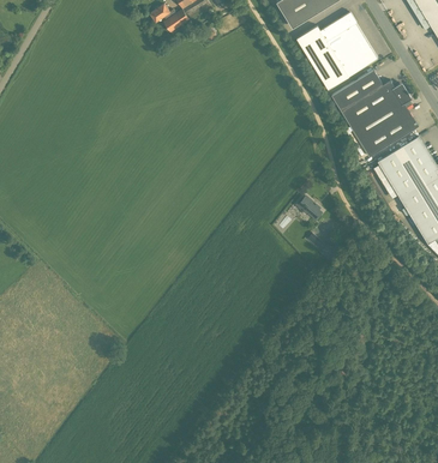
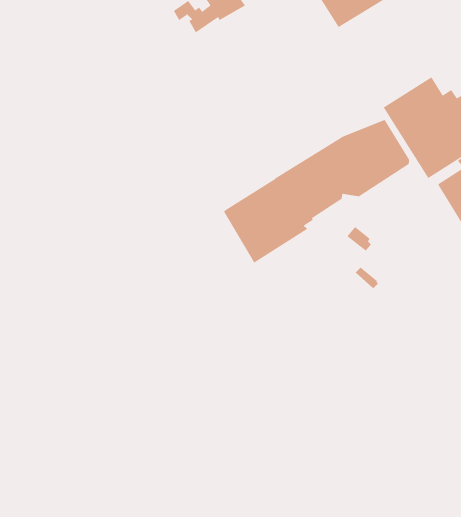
building: [295,11,377,89] -> none
building: none -> [223,119,410,263]

